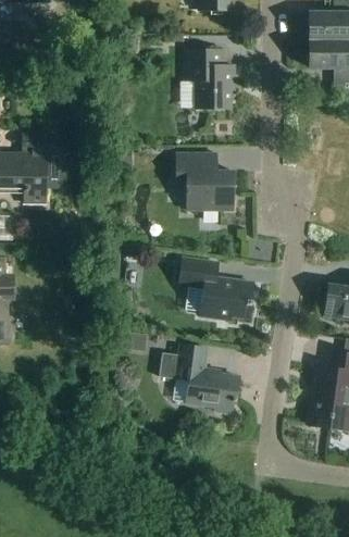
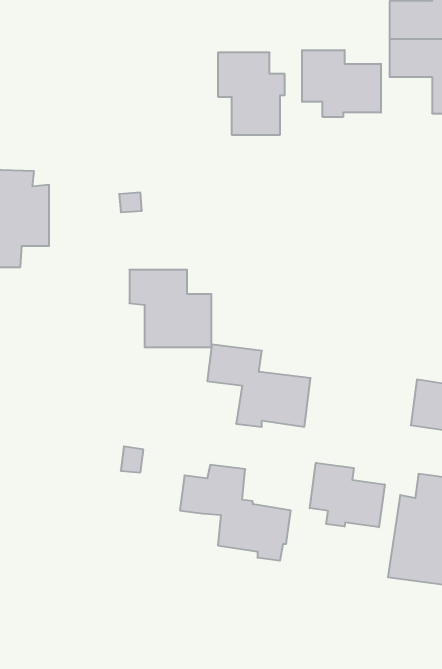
building: none -> [302,50,381,117]
building: [176,153,235,209] -> [129,270,211,347]
building: none -> [310,463,385,527]

